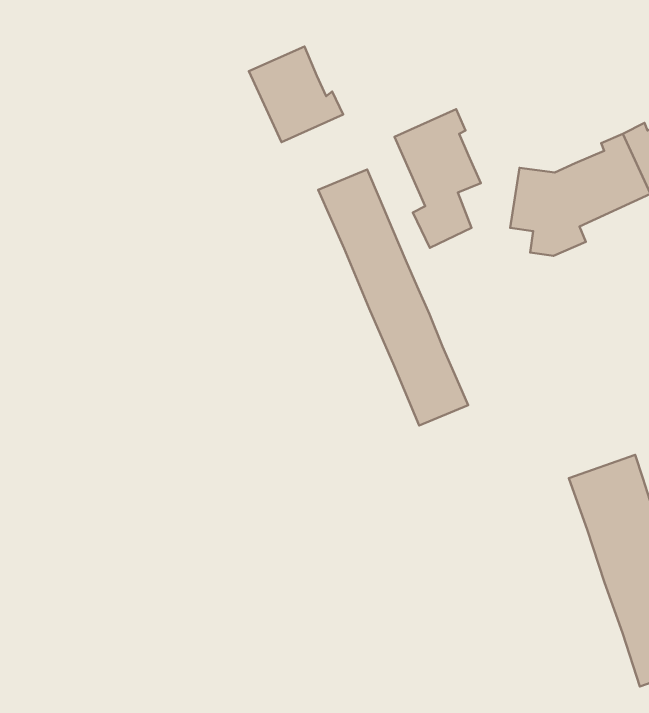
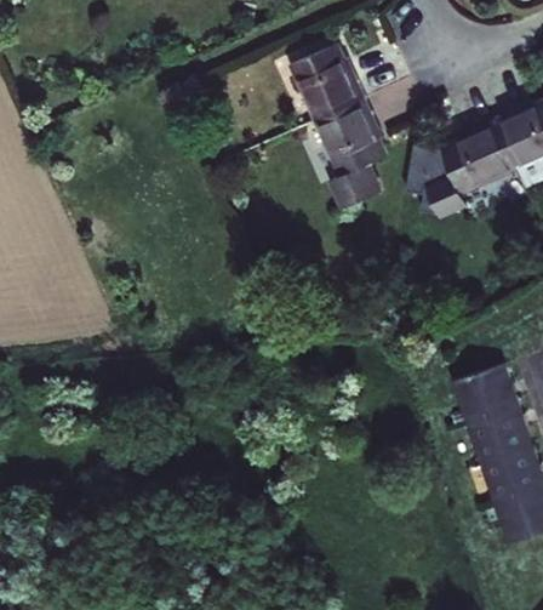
building: [249,47,343,142] -> [291,45,365,120]
building: [318,169,468,426] -> none

